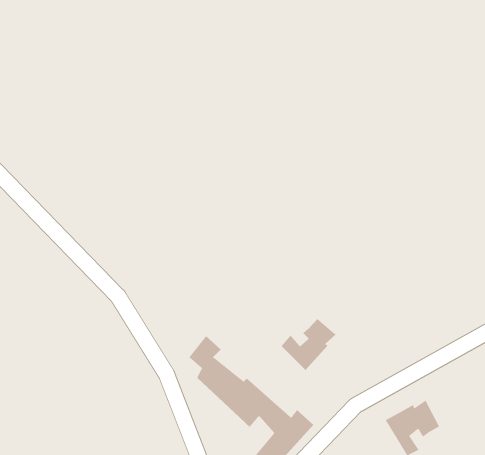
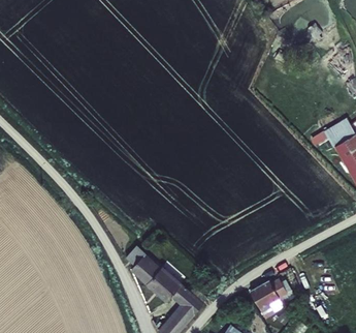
building: [281,318,336,371] -> none

